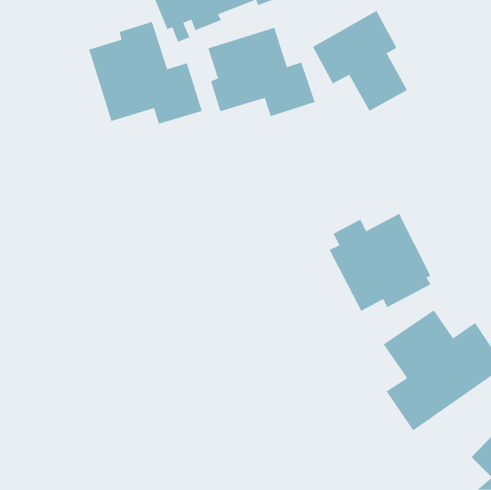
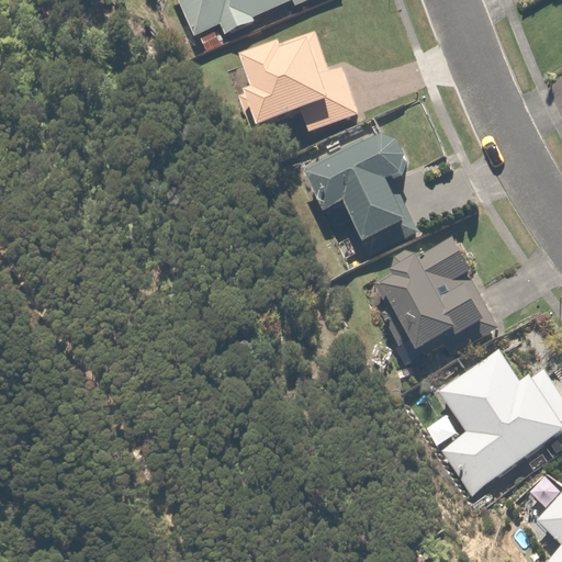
building: [312,10,408,111] -> [300,130,408,245]
building: [88,21,202,124] -> none

